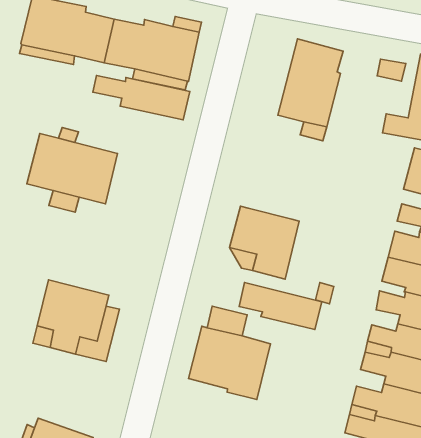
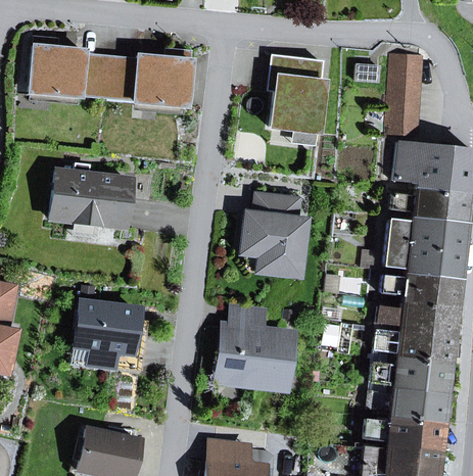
building: [93,75,190,120] -> none
building: none -> [255,193,298,219]
building: [239,283,322,329] -> none

